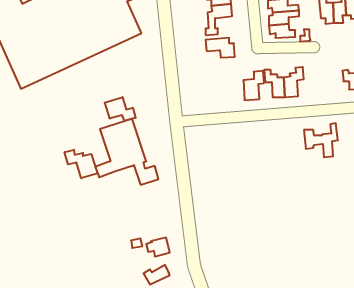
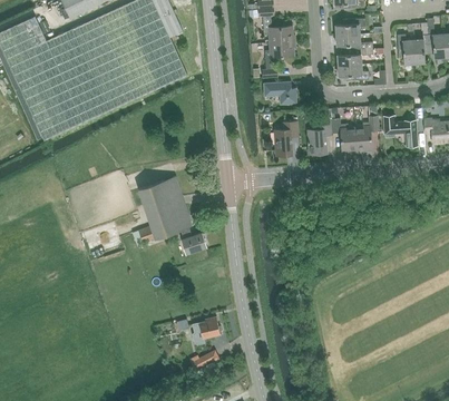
building: none -> [274,120,299,155]
building: [105,97,136,121] -> none
building: [304,123,338,157] -> [383,107,423,147]
building: [65,150,97,178] -> none

